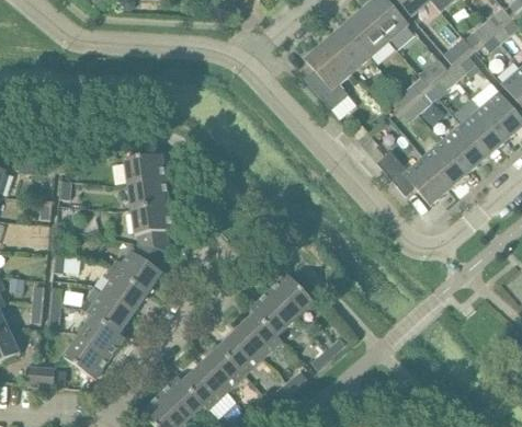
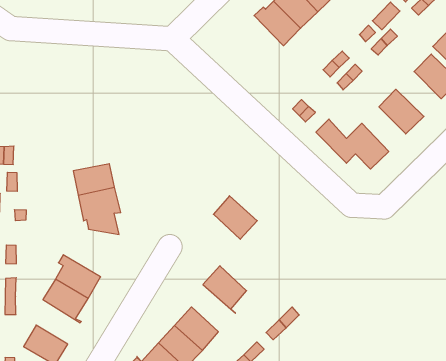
building: [303,41,350,109] -> none
building: [461,109,506,155] -> none
building: [423,142,467,188] -> none
building: [124,154,164,184] -> none
building: [111,244,169,293] -> none
building: [269,274,313,319] -> [213,196,257,239]
building: [237,309,281,358] -> none
building: [78,312,123,359] -> none

